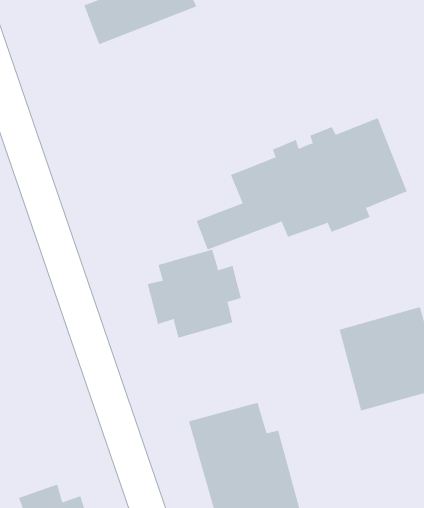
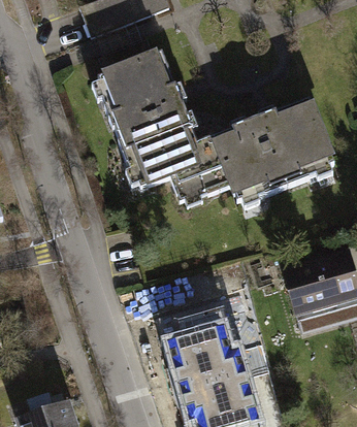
building: none -> [86,38,205,195]
building: [147,249,242,338] -> none

